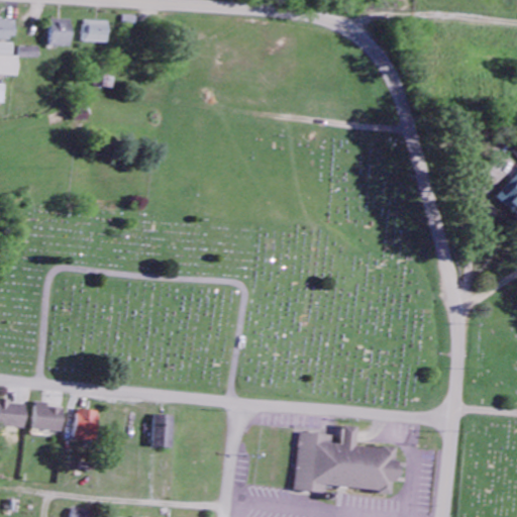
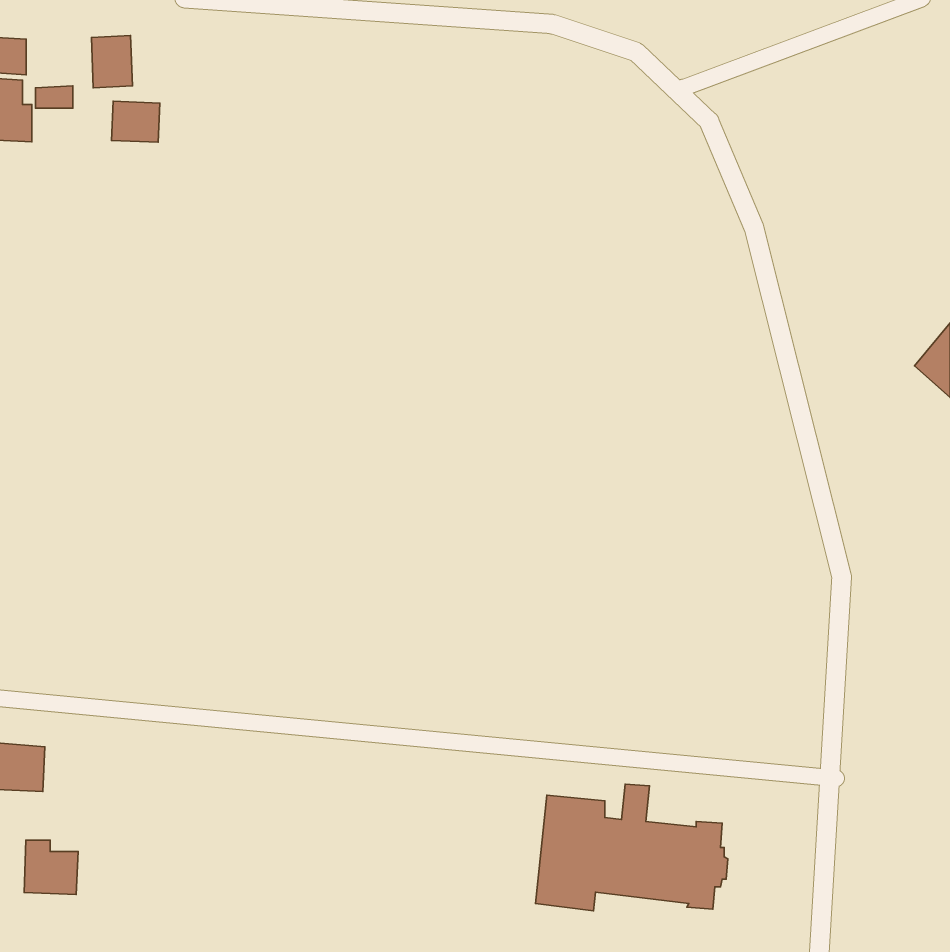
building: [83,21,109,43] -> [111,101,160,142]
building: [32,403,62,432] -> [24,840,78,894]
building: [74,410,96,441] -> none
building: [152,416,174,449] -> none

